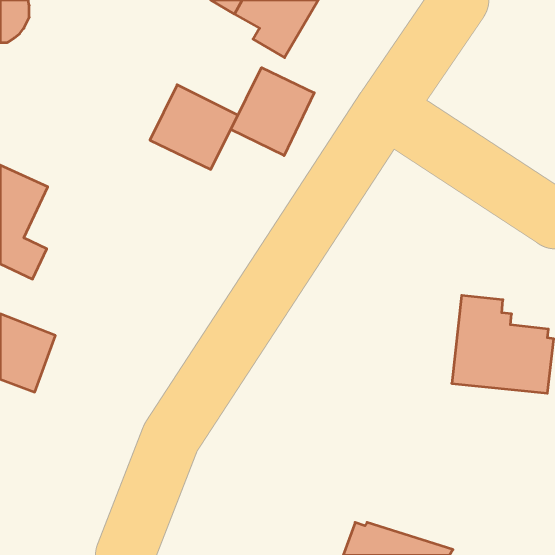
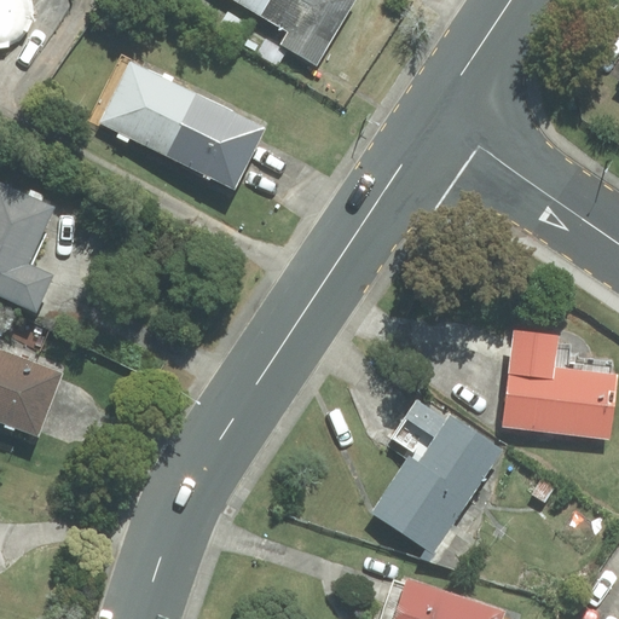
building: none -> [91,57,197,156]
building: [231,68,314,156] -> none
building: none -> [371,400,502,554]

